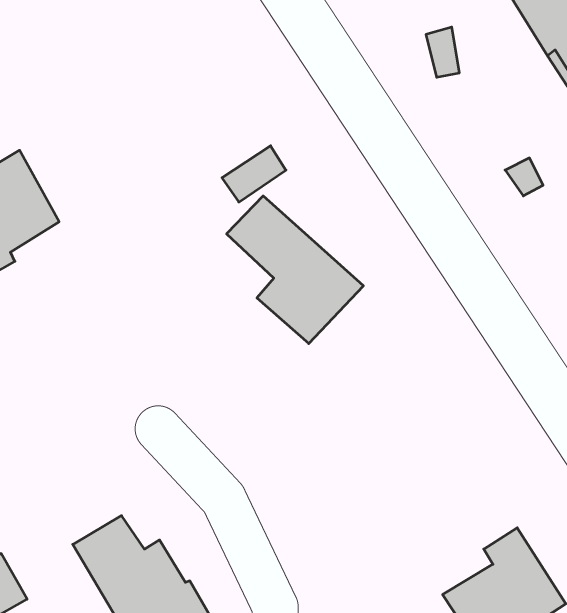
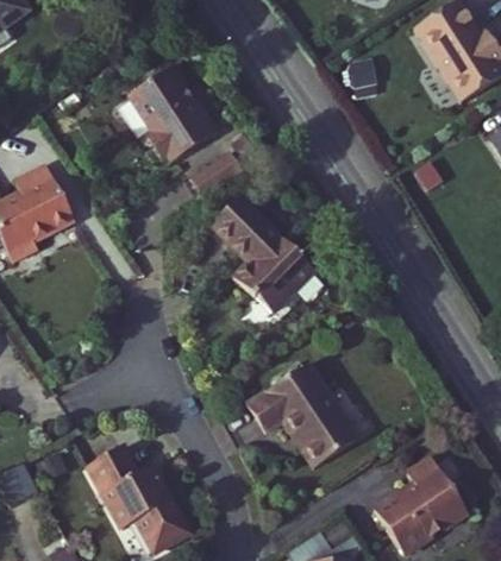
building: none -> [119,62,213,163]
building: none -> [249,355,365,464]

